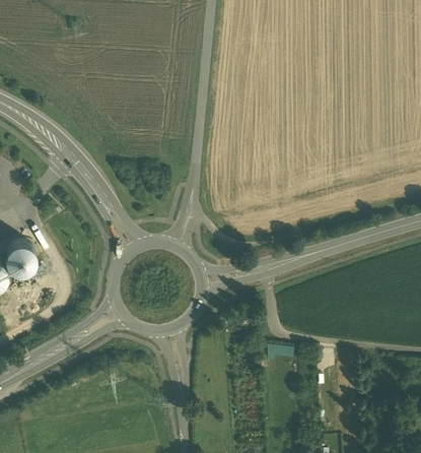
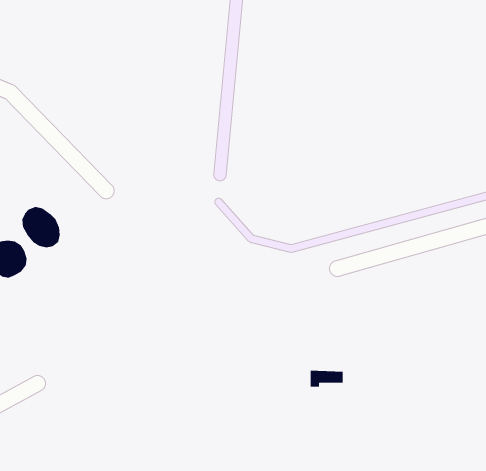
building: none -> [21,206,61,248]

